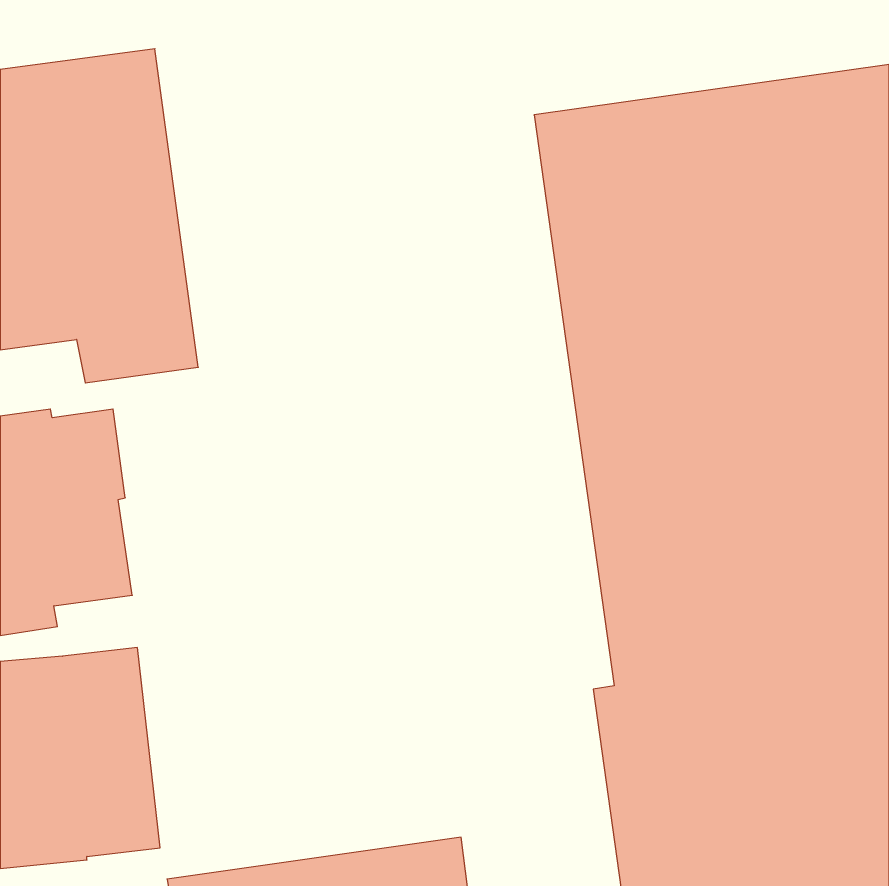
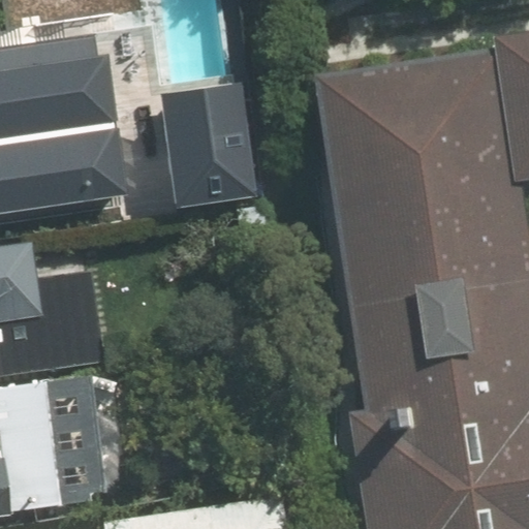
building: none -> [160,94,250,183]

